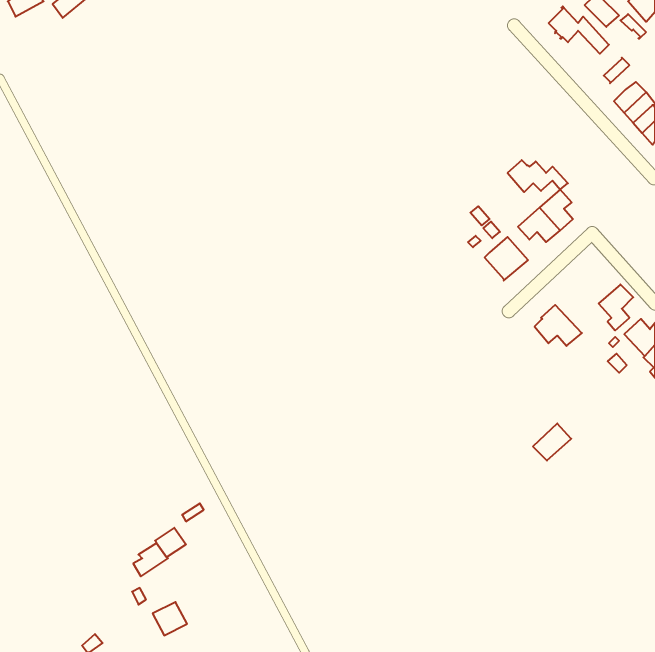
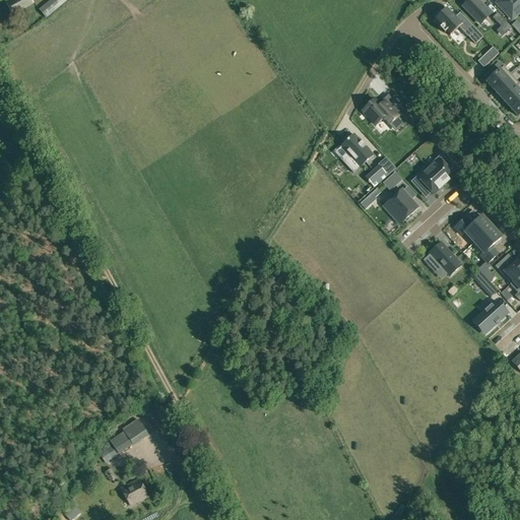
building: [508,160,568,192] -> [363,99,410,124]
building: none -> [341,133,373,172]
building: none -> [455,214,492,241]
building: [533,423,571,461] -> [473,303,504,332]

